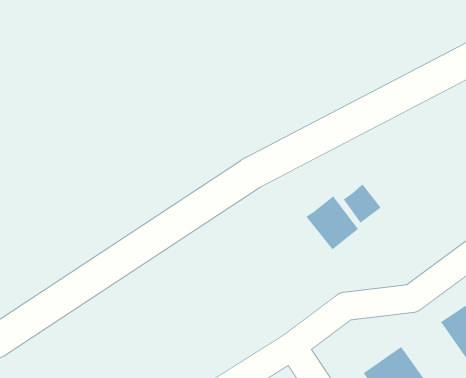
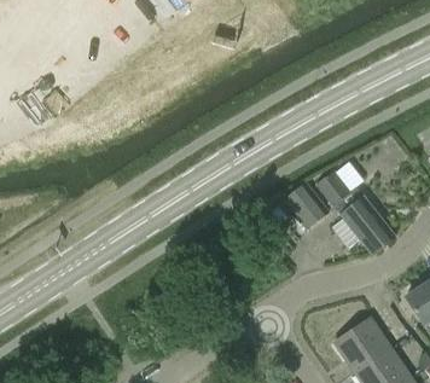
building: none -> [332,198,396,257]

